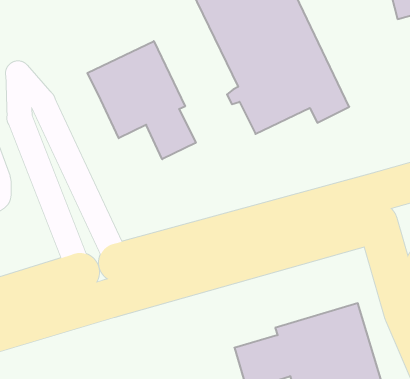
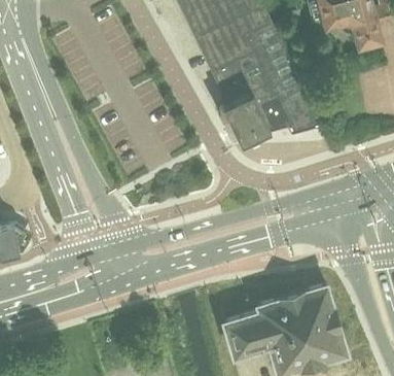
building: [87,41,196,159] -> none

